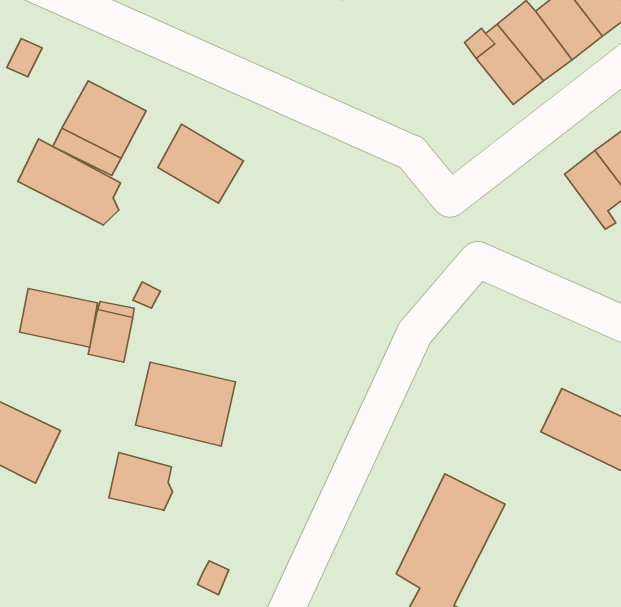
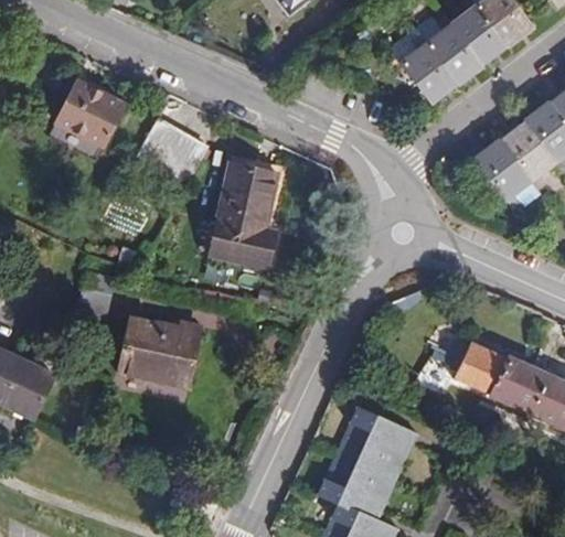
building: [18,139,120,225] -> none
building: none -> [209,162,275,267]
building: [19,288,97,347] -> none
building: [109,452,173,510] -> none

